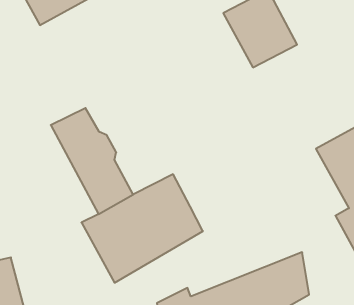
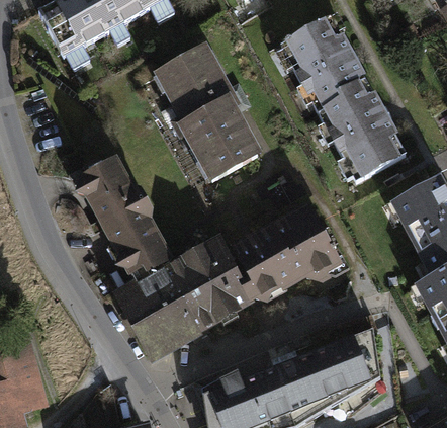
building: none -> [151,44,264,183]
building: none -> [316,79,409,182]
building: none -> [232,201,349,302]

